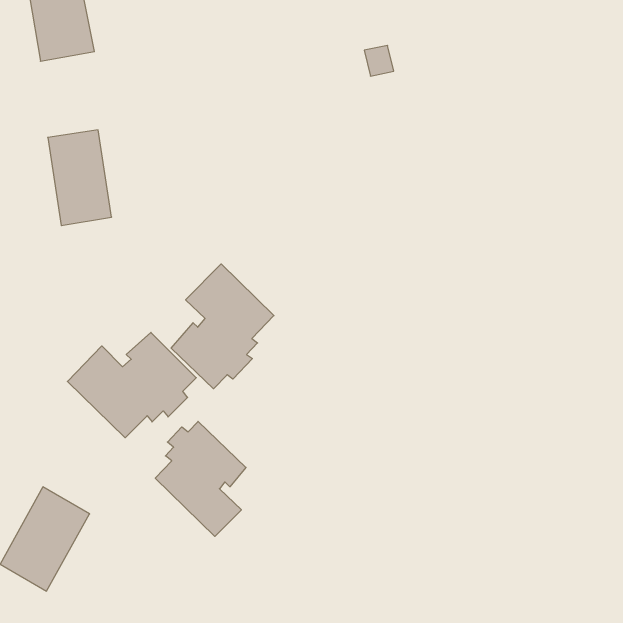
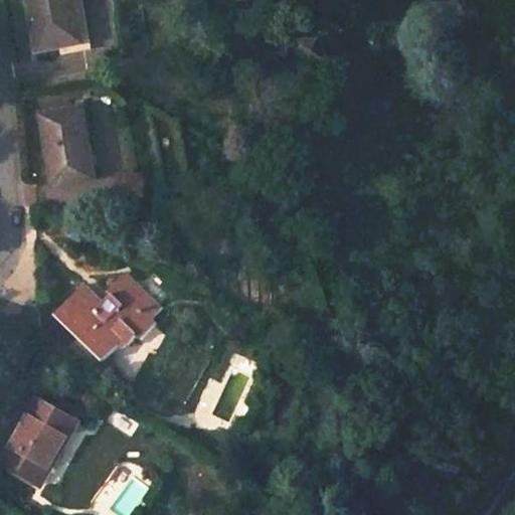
building: [171,264,274,389] -> none
building: [155,421,246,536] -> none

